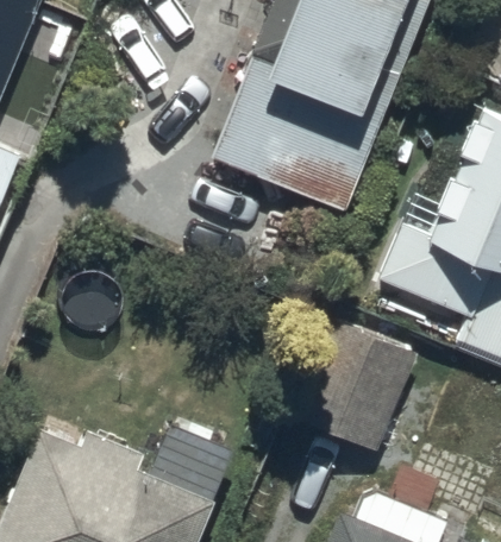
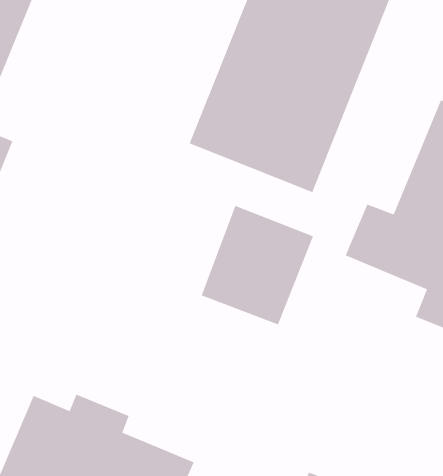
building: [293,321,415,450] -> [201,205,314,325]

